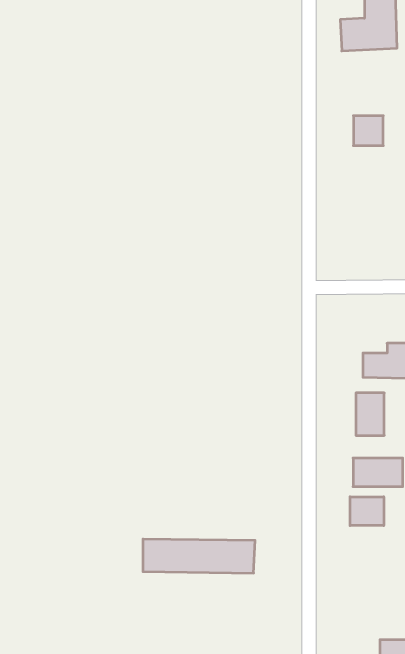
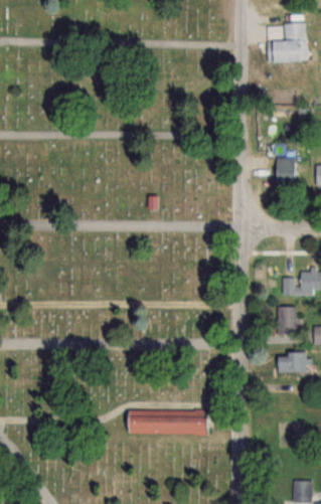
building: [353,116,383,146] -> [274,158,295,179]
building: [350,497,384,526] -> none

